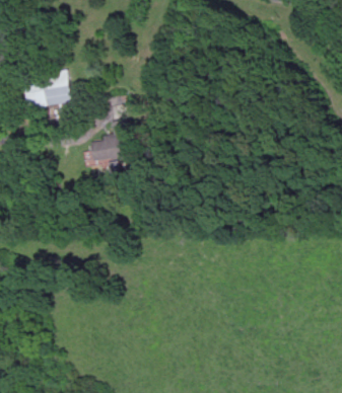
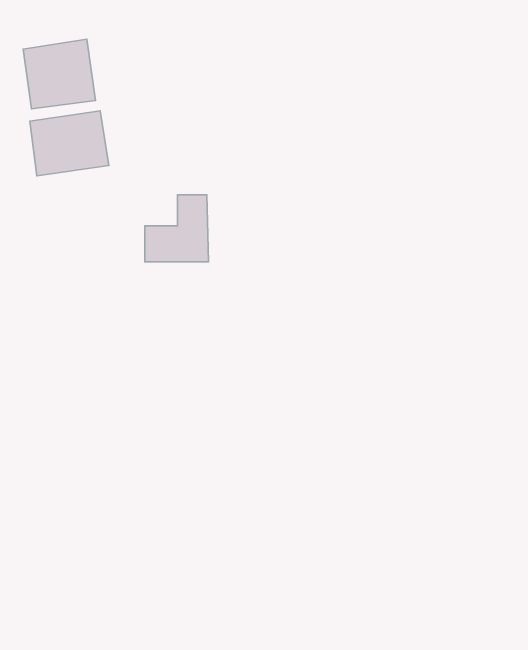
building: none -> [23,39,95,109]

